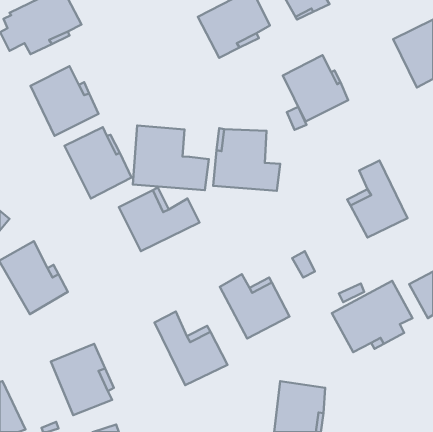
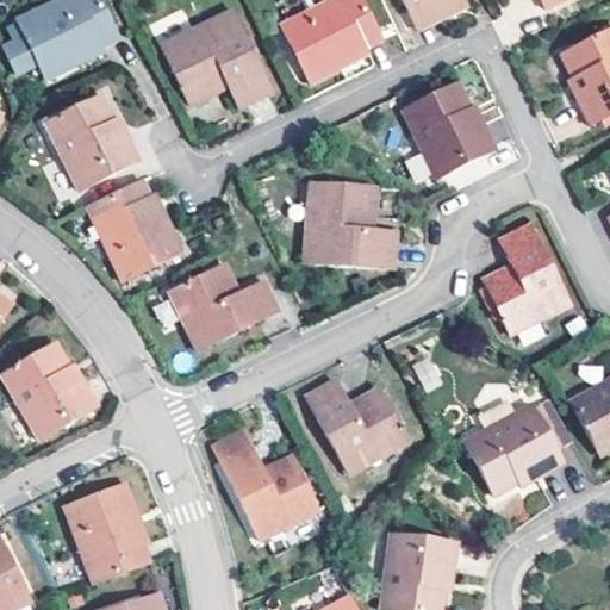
building: none -> [158,6,268,106]
building: [133,126,209,190] -> none

